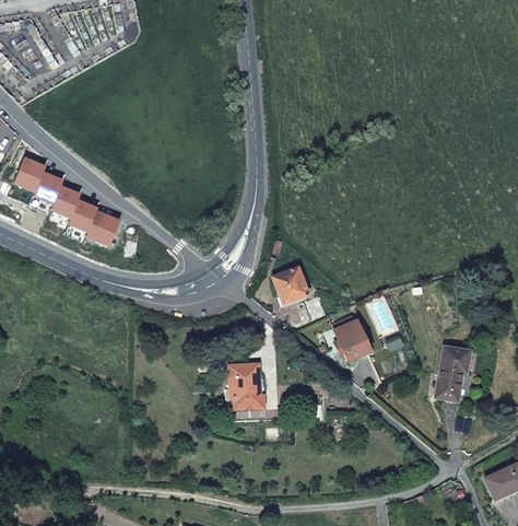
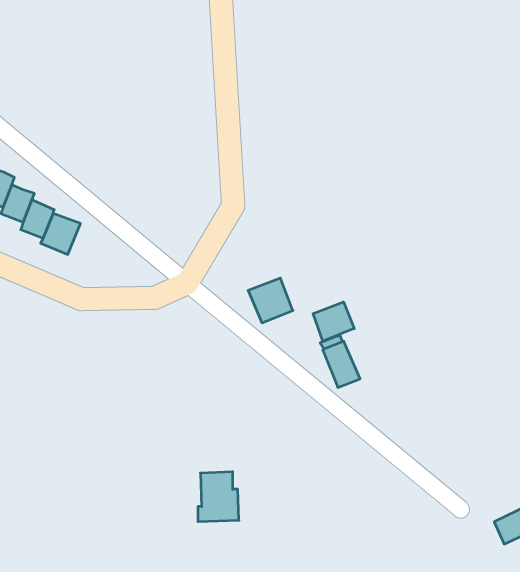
building: none -> [313,302,354,341]
building: [434,349,470,401] -> none
building: [227,365,263,409] -> [198,472,239,522]

